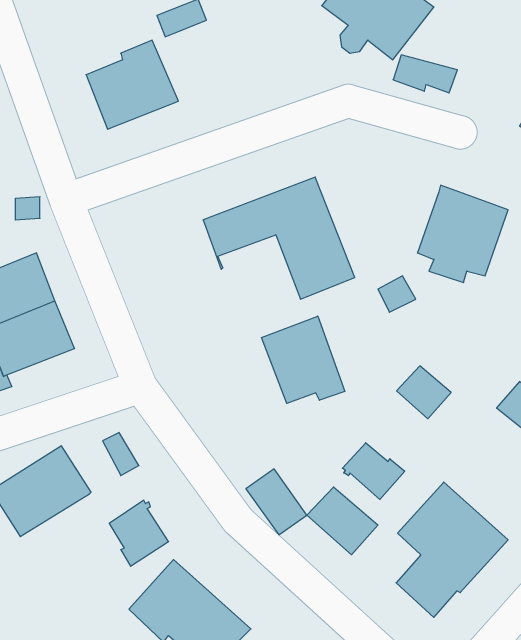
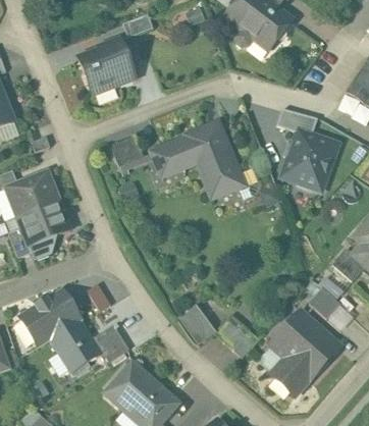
building: [393,55,457,93] -> [277,109,317,132]
building: none -> [110,135,143,166]
building: [262,316,345,403] -> none
building: [397,366,451,419] -> [308,286,341,319]
building: [342,443,405,499] -> none
building: none -> [50,318,102,371]

